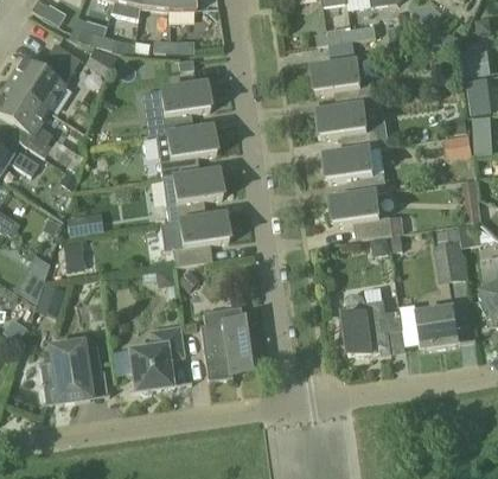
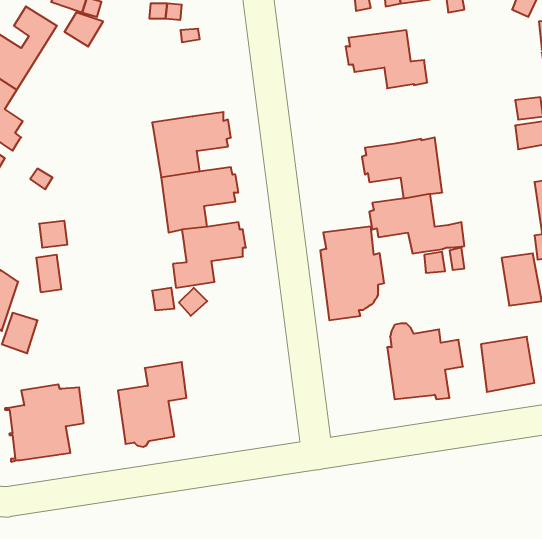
building: [153,82,211,134] -> none
building: [317,103,381,151] -> none
building: [200,305,251,379] -> [320,227,384,320]

